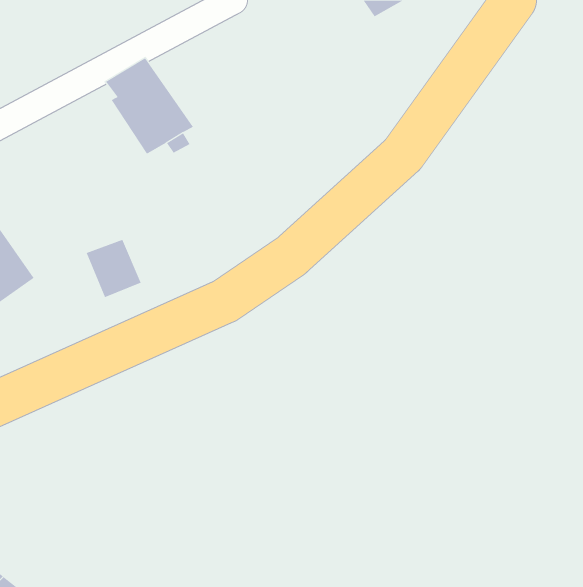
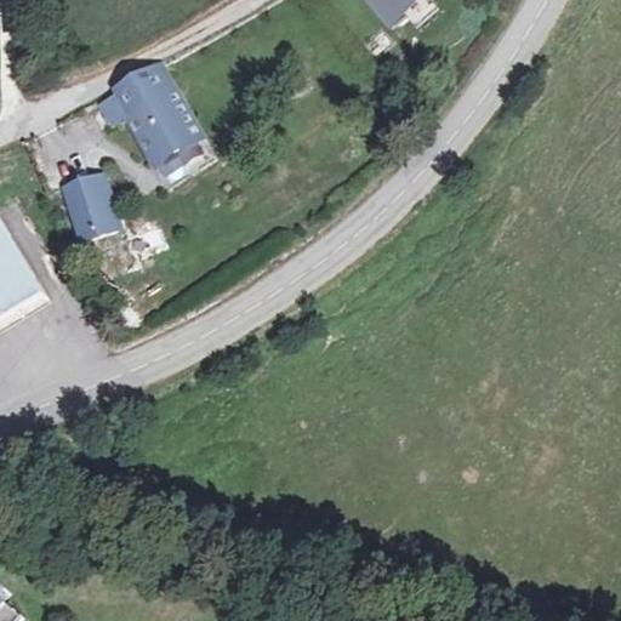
building: [86,239,141,298] -> [59,169,118,230]

